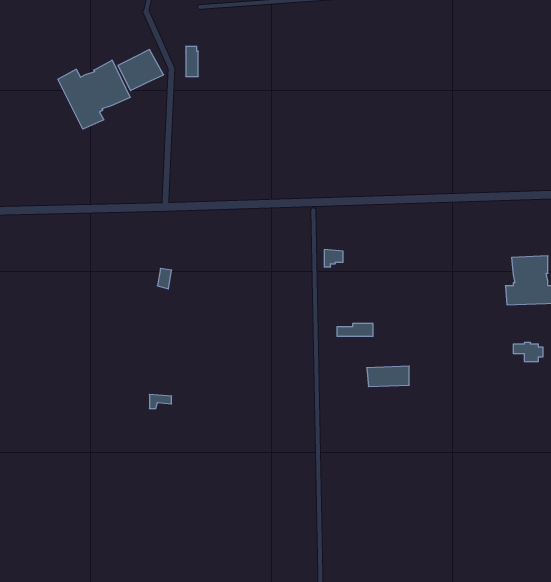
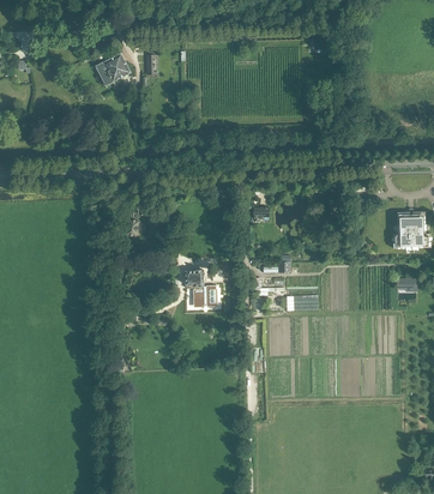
building: [58,60,130,129] -> none
building: none -> [183,269,216,306]

